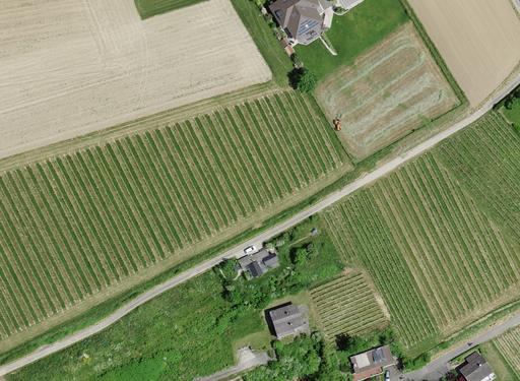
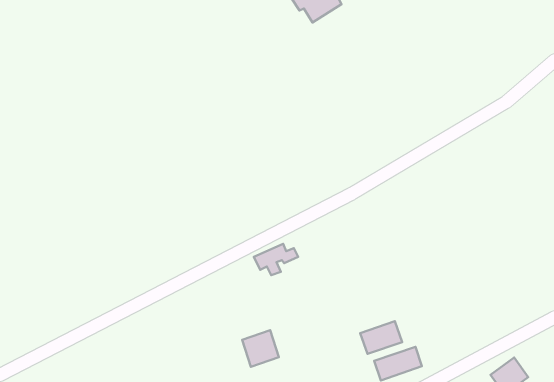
building: [270,302,305,336] -> [242,330,279,367]
building: none -> [360,321,402,354]

